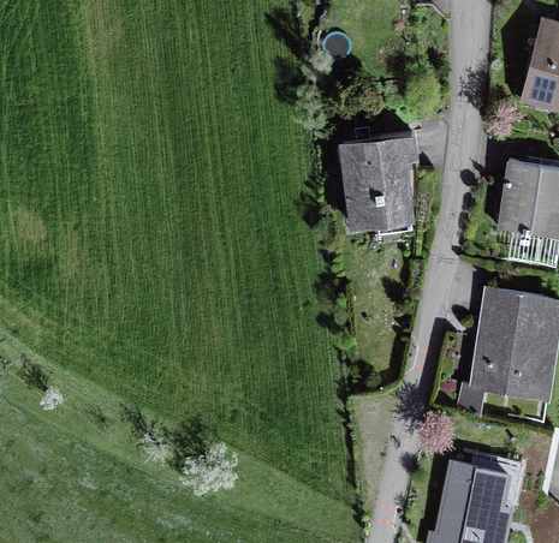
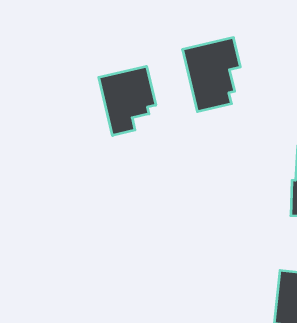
building: none -> [99,66,156,136]

